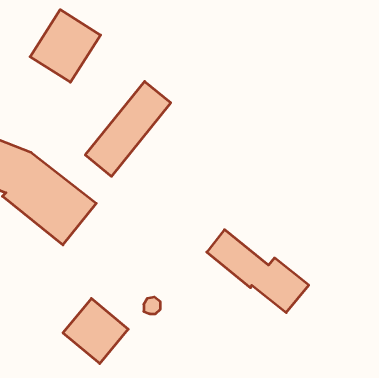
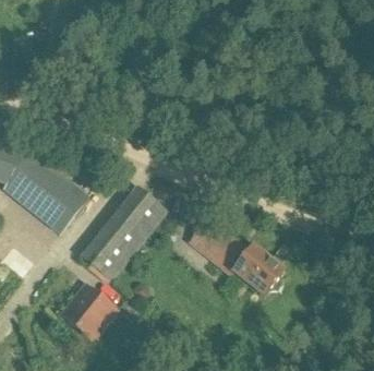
building: [30,10,101,82] -> none
building: [85,81,171,176] -> [87,189,166,276]

